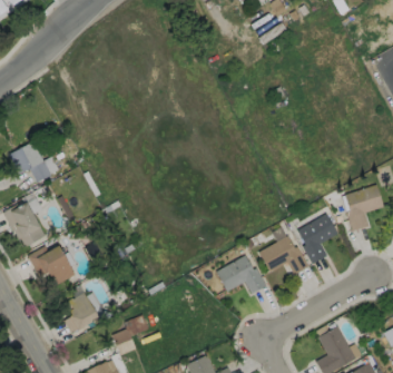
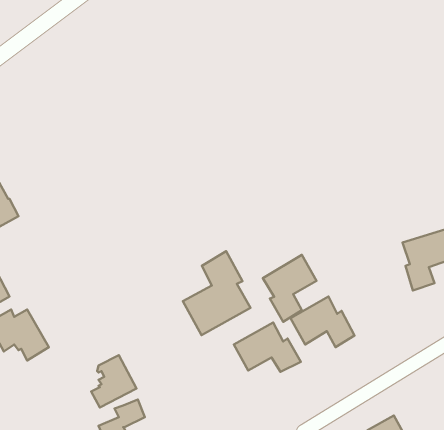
building: none -> [183,251,250,335]
building: [297,213,338,264] -> [263,255,317,322]
building: [63,292,98,332] -> [91,355,136,408]

